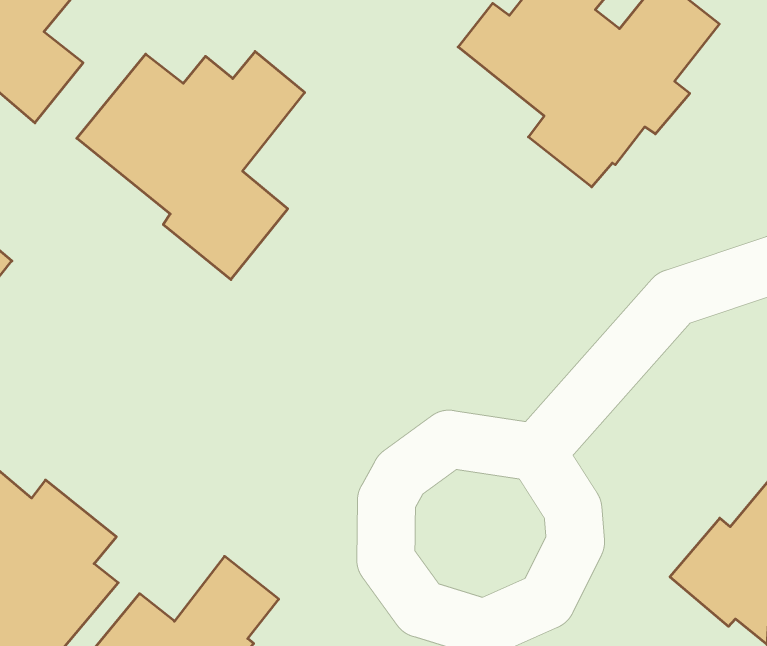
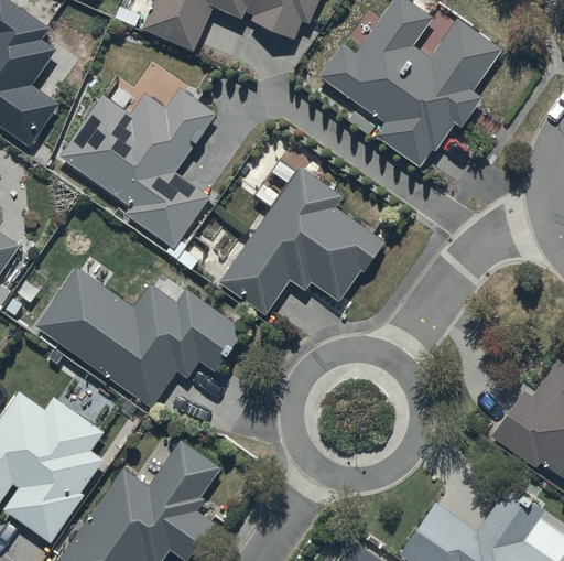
building: none -> [219,169,384,316]
building: none -> [35,267,245,409]

